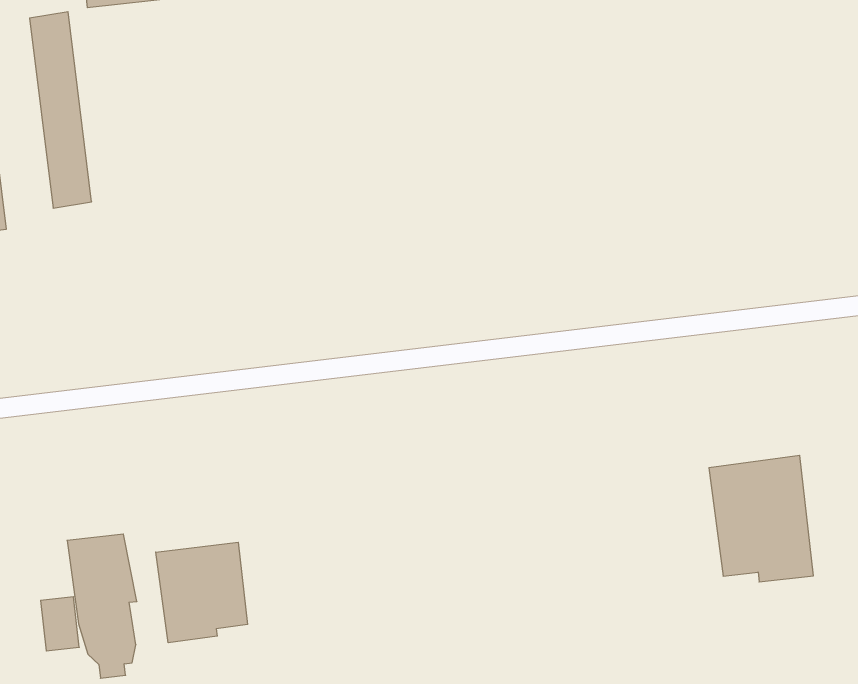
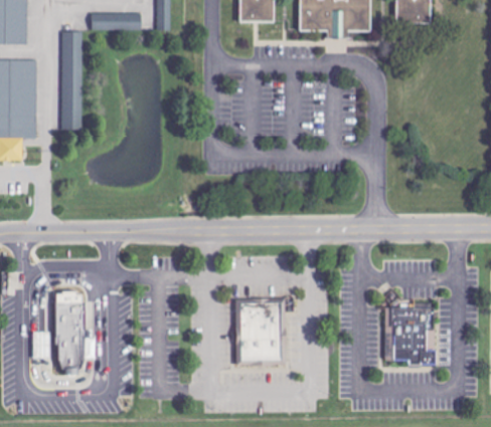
building: none -> [232,295,283,364]
building: [156,542,248,643] -> none

